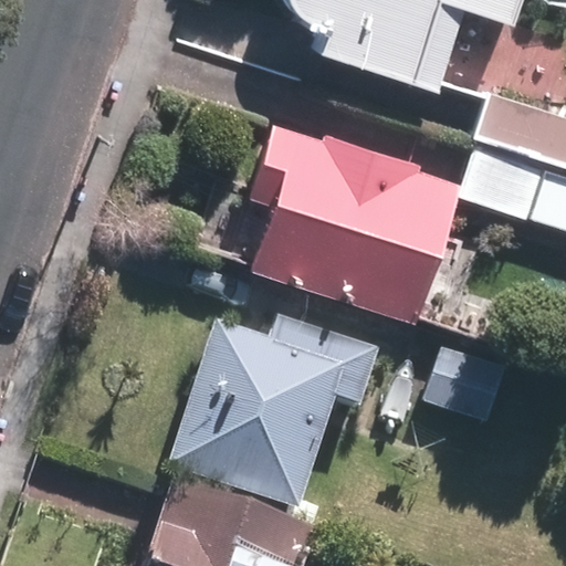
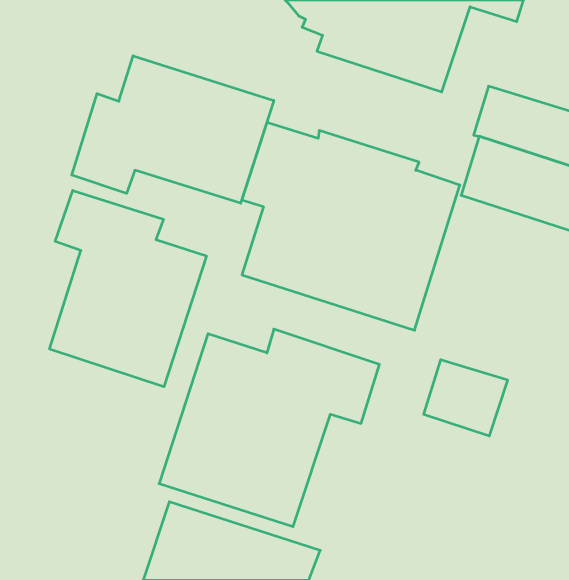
building: none -> [72,56,274,203]
building: none -> [50,190,206,387]

